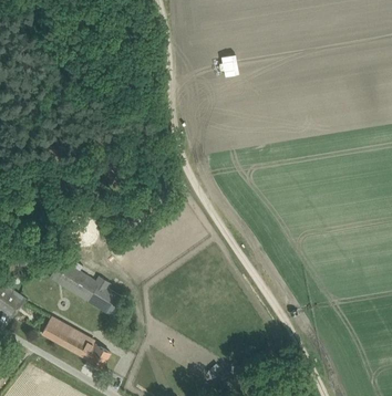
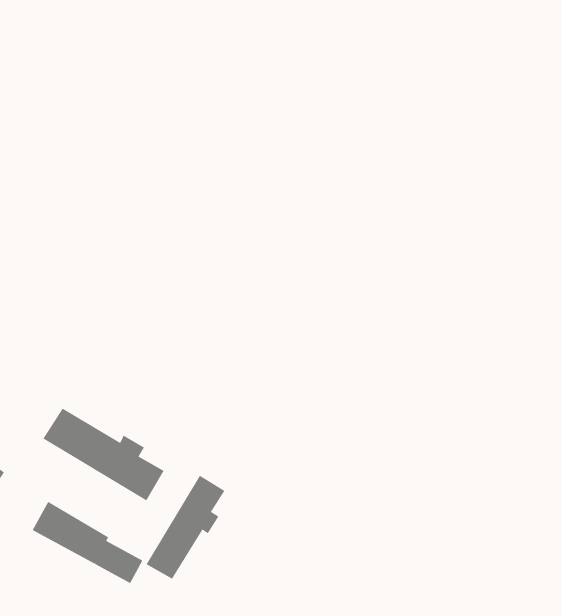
building: none -> [146,475,225,580]

